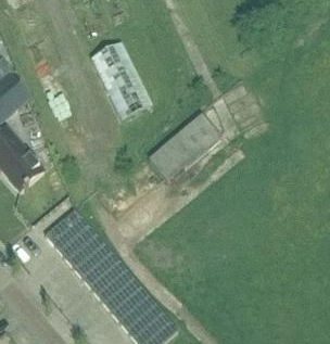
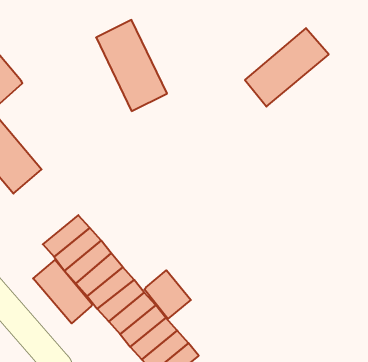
building: [150,112,221,179] -> [245,28,329,107]
building: none -> [33,260,92,323]
building: none -> [144,270,191,319]

